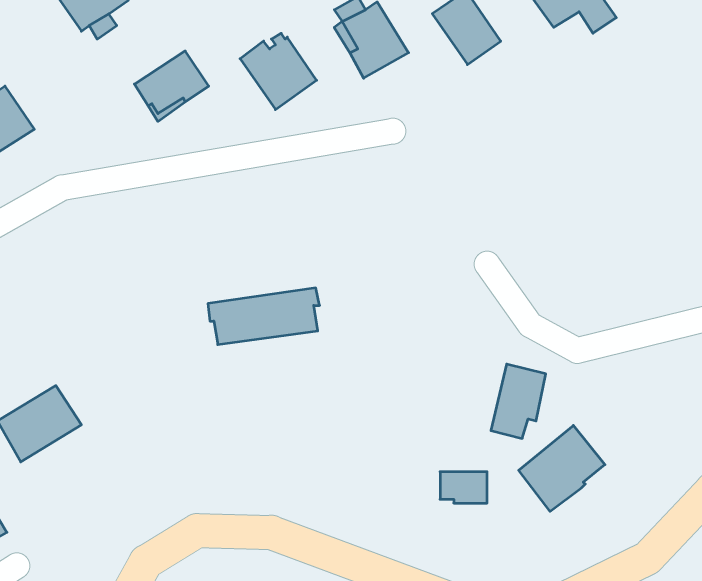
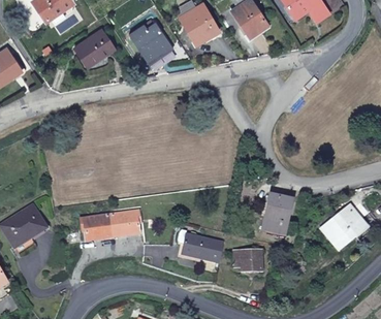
building: [208,288,320,345] -> [82,211,140,241]
building: [519,425,605,511] -> [321,205,367,251]
building: none -> [182,234,223,262]

